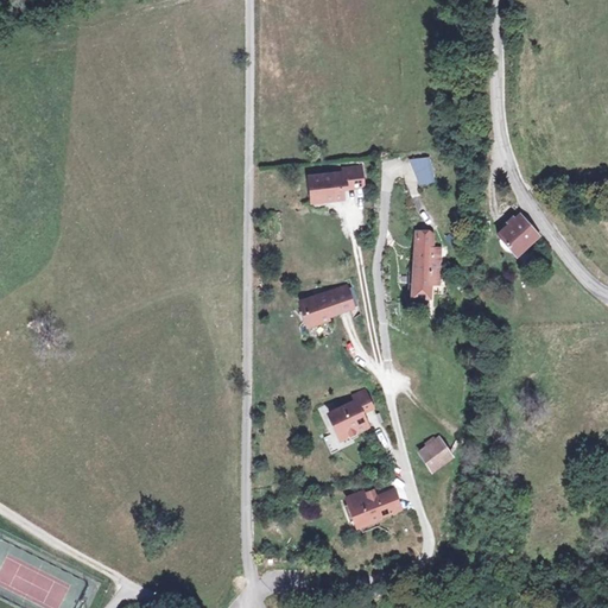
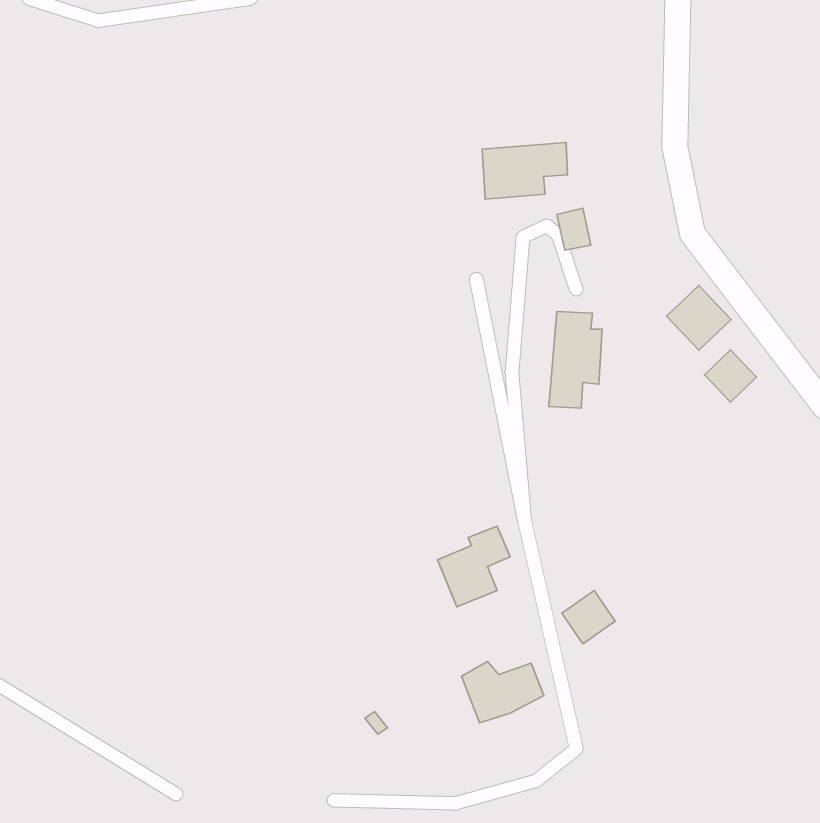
building: [304,163,367,204] -> [482,143,568,199]
building: none -> [705,350,756,402]
building: [294,283,357,334] -> none

